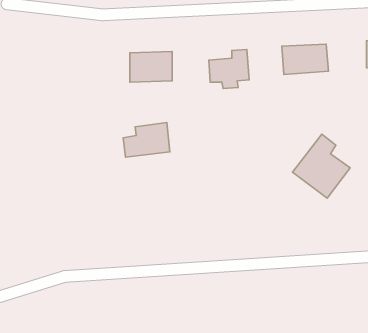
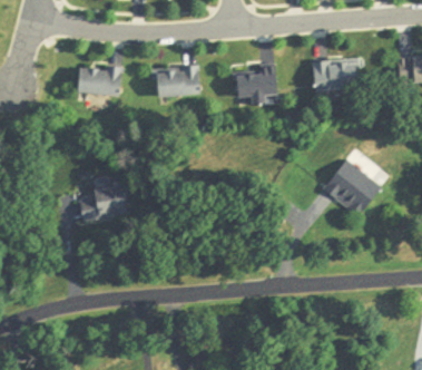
building: none -> [77,65,122,95]
building: [123,123,170,157] -> [79,184,127,220]

